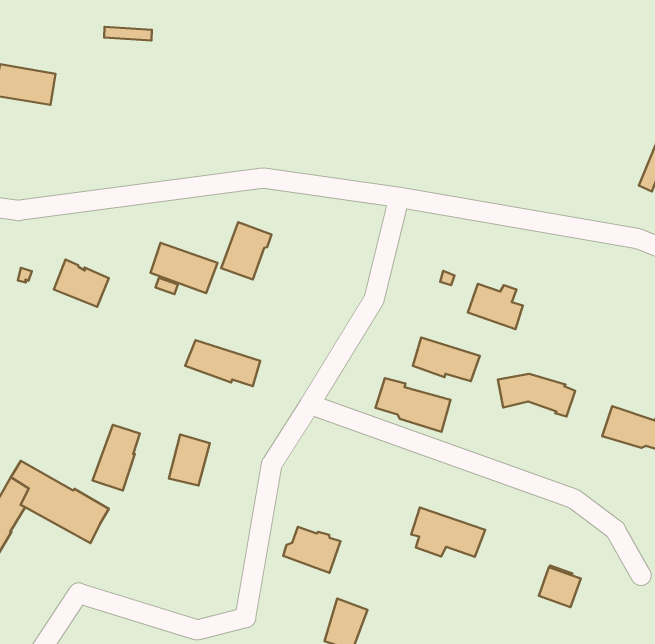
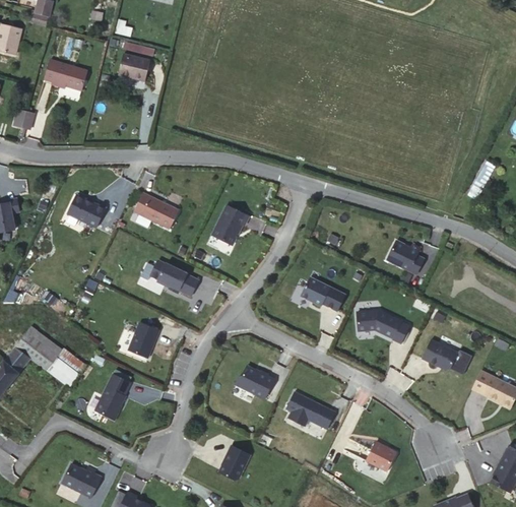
building: none -> [118,53,150,81]
building: [221,222,271,279] -> [212,205,249,245]
building: [468,284,523,329] -> [387,241,425,274]
building: [376,378,451,432] -> none
building: [93,425,140,490] -> [95,375,131,420]
building: [283,527,341,573] -> [236,366,275,399]

